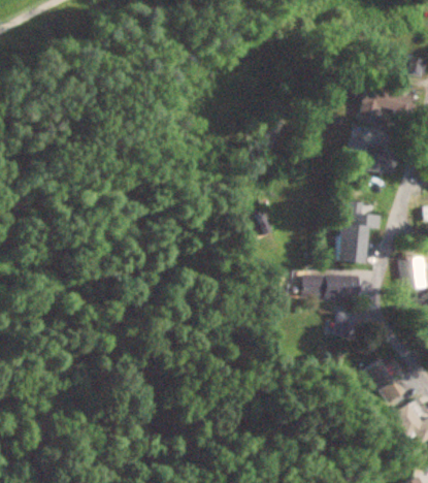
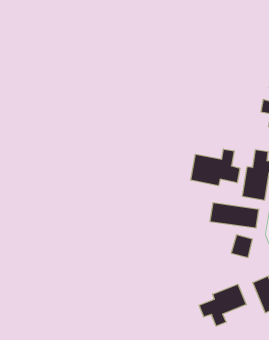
building: none -> [191,149,240,186]
building: none -> [199,284,246,326]

